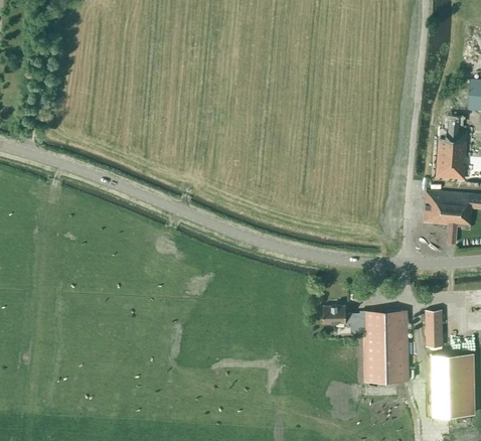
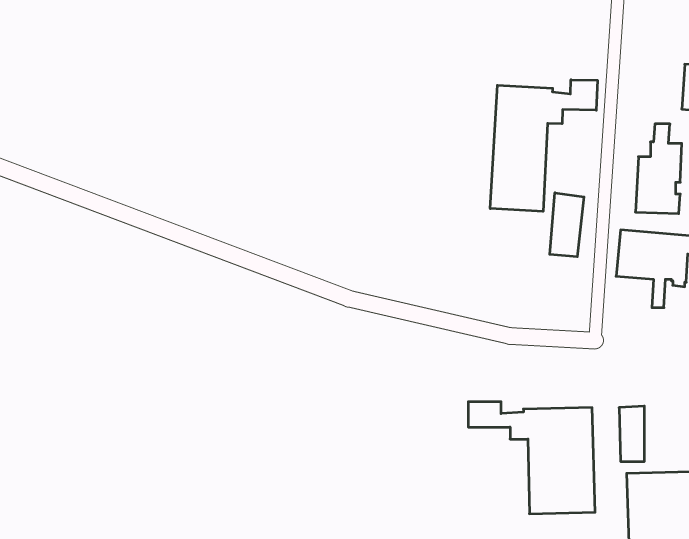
building: none -> [490,80,597,211]
building: none -> [550,193,584,257]

